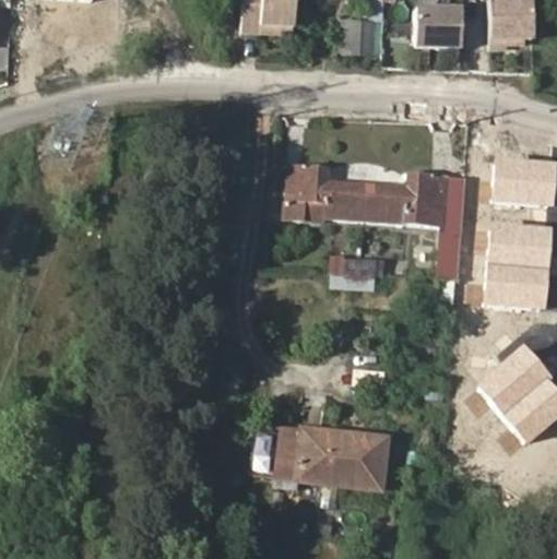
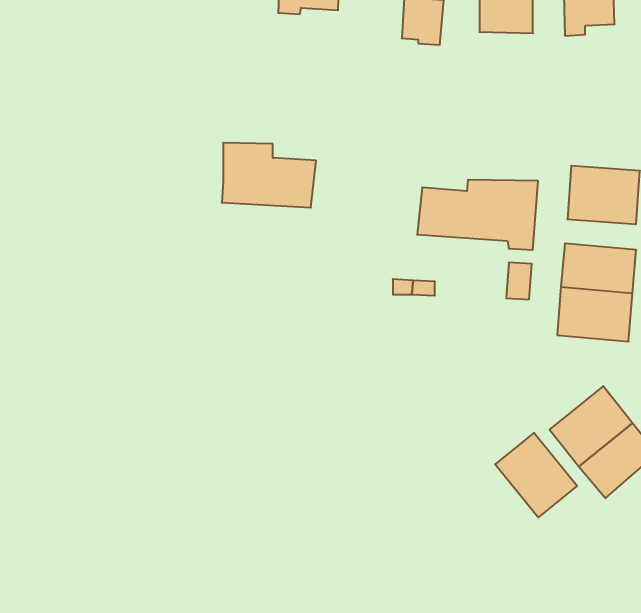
building: [287,163,368,218] -> [222,143,316,208]
building: none -> [495,433,577,517]
building: [269,429,382,484] -> none

